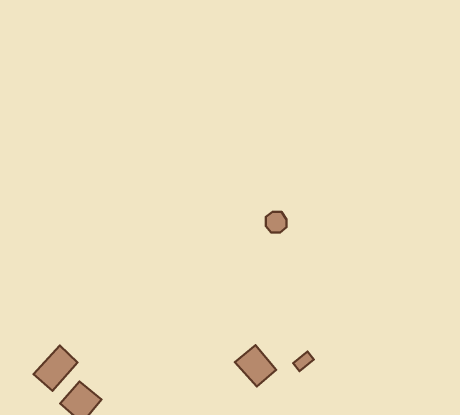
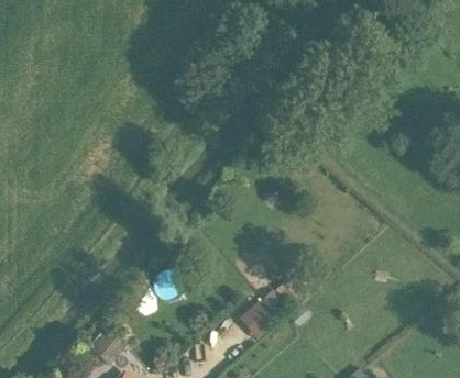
building: [34,345,77,391] -> none

